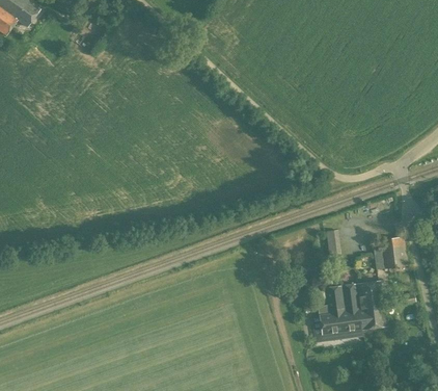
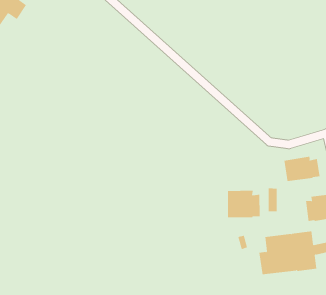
building: none -> [284,156,320,182]
building: none -> [228,190,260,218]

